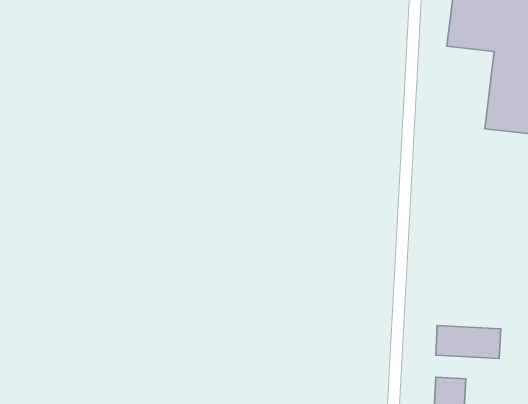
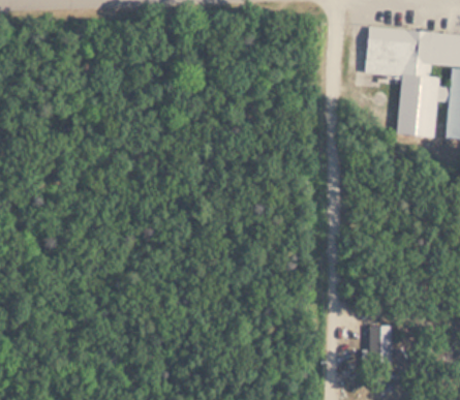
building: [436,326,501,359] -> none

